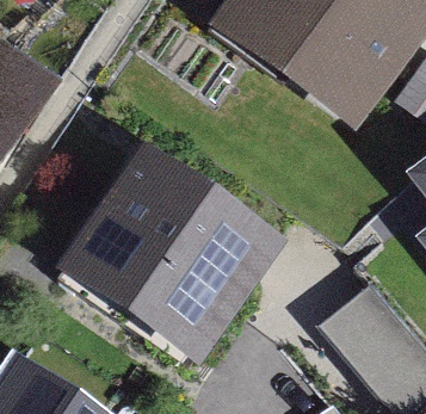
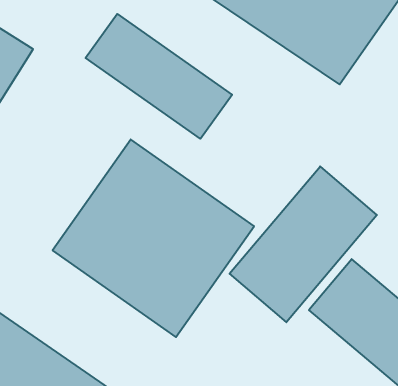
building: none -> [86,14,232,139]
building: none -> [230,166,377,322]

